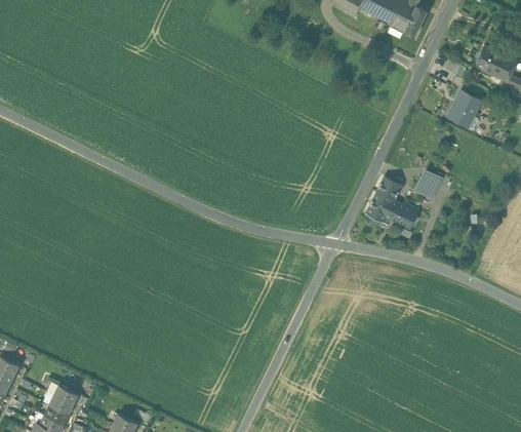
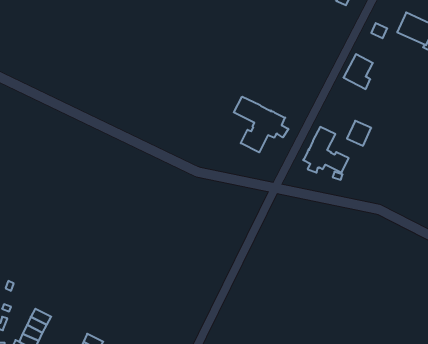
building: [448,90,482,130] -> [343,54,373,89]
building: none -> [234,97,288,152]

